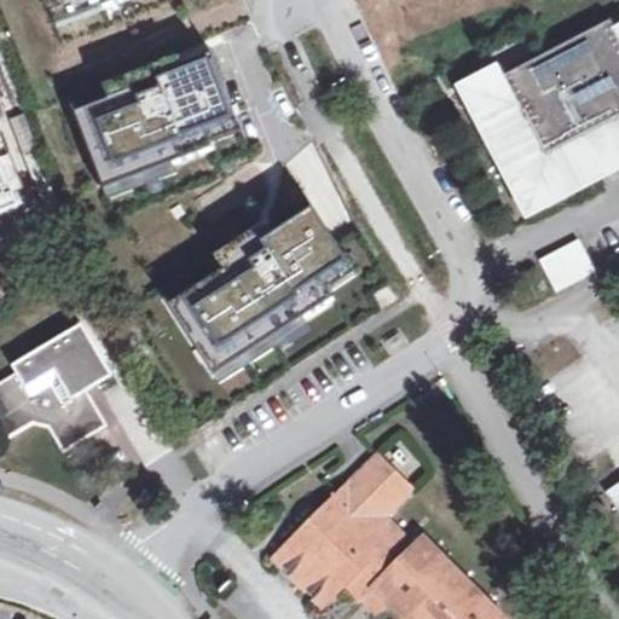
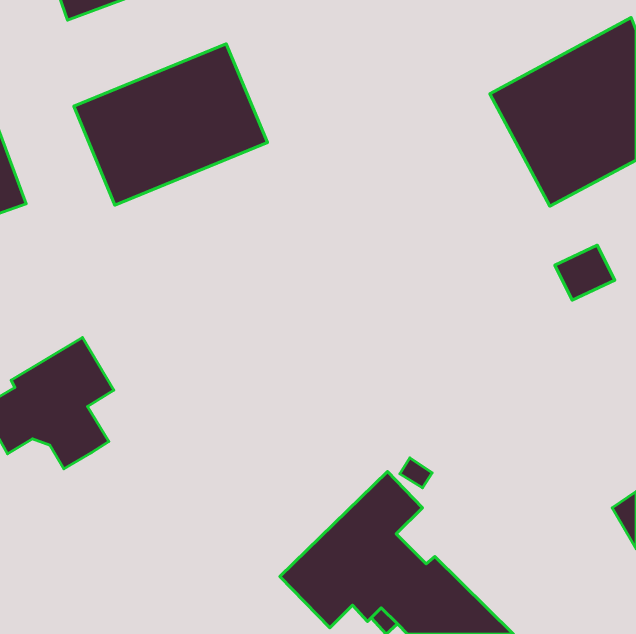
building: [168,201,360,372] -> none

